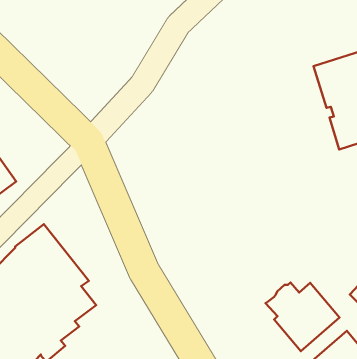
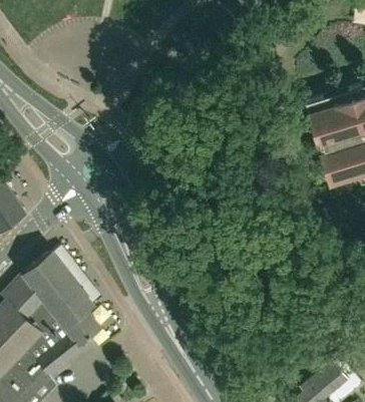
building: [266,283,340,351] -> none

